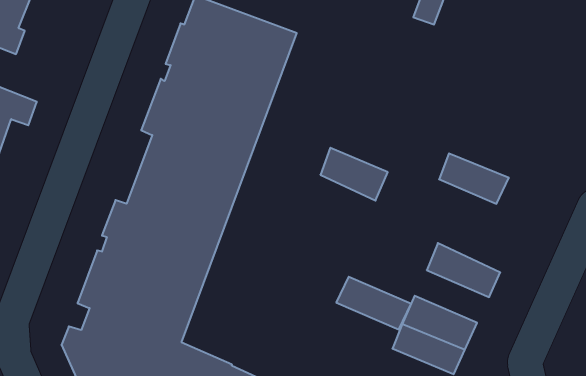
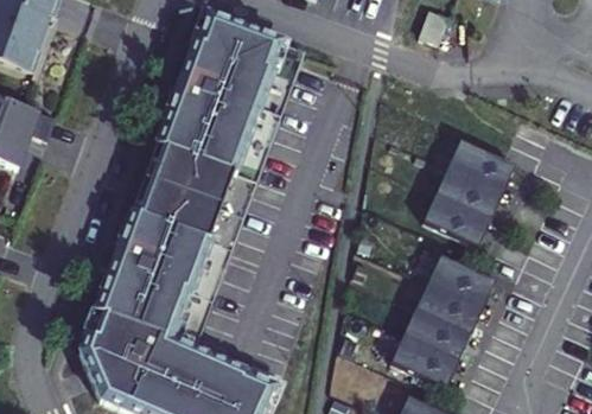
building: none -> [448,140,518,191]
building: [320,148,388,201] -> [429,192,495,243]
building: [336,277,411,329] -> [415,280,488,331]

